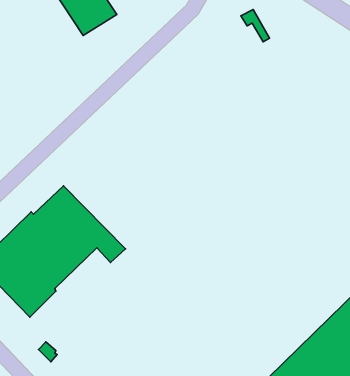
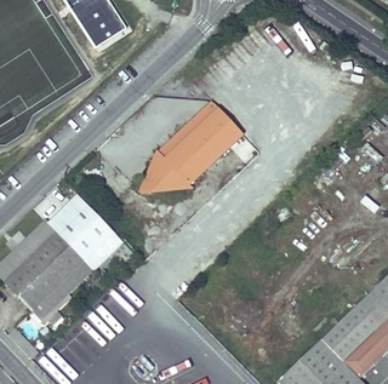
building: none -> [148,102,242,193]

